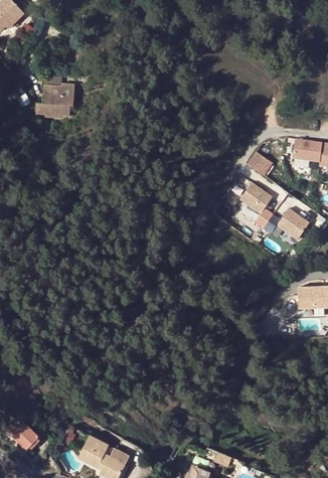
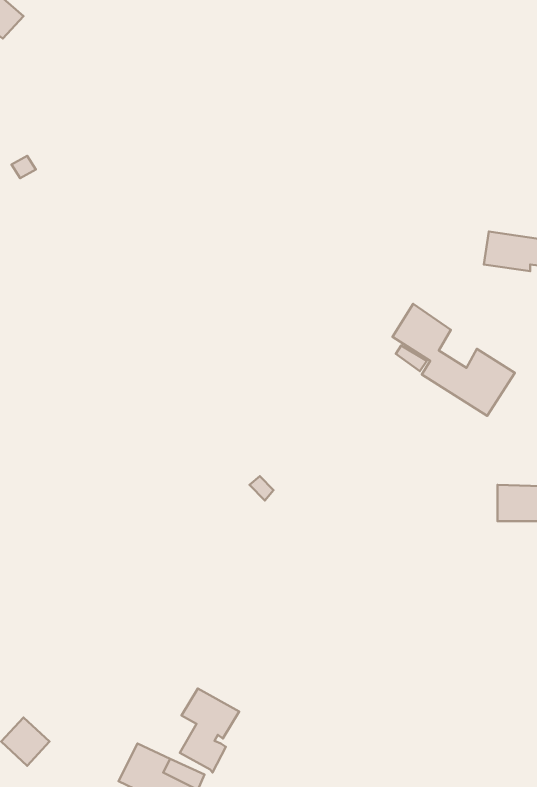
building: [35,74,76,117] -> none
building: [247,150,274,176] -> none
building: none -> [180,689,239,772]

